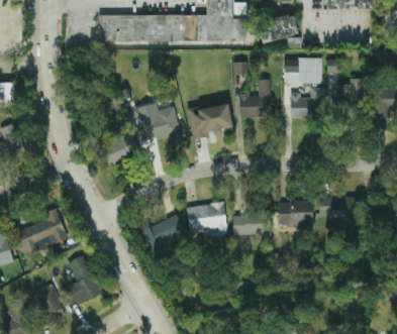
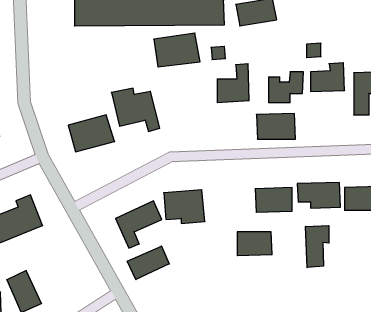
building: [284,59,322,84] -> [256,114,295,139]
building: [188,104,233,137] -> [154,33,200,67]
building: [233,213,268,236] -> [237,232,272,256]
building: none -> [306,226,329,268]
building: [66,254,102,306] -> none
building: none -> [127,246,169,280]

